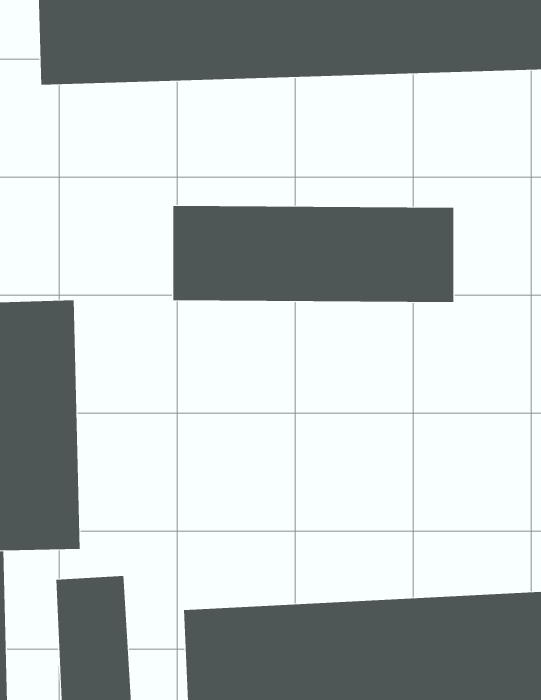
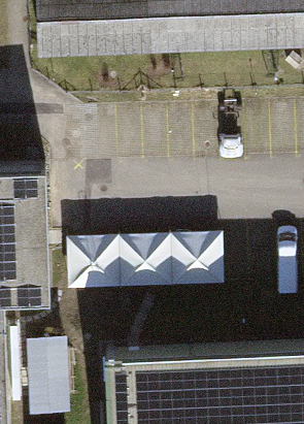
building: [173,206,454,303] -> [77,225,230,278]

